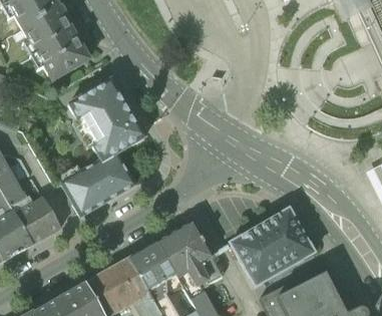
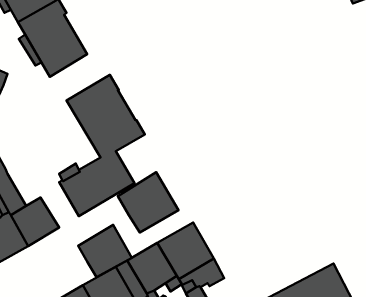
building: none -> [118,172,179,232]
building: [228,208,313,286] -> none
building: none -> [78,225,132,277]

